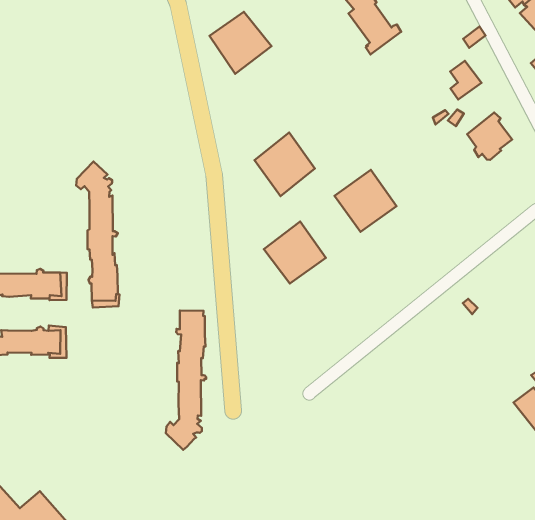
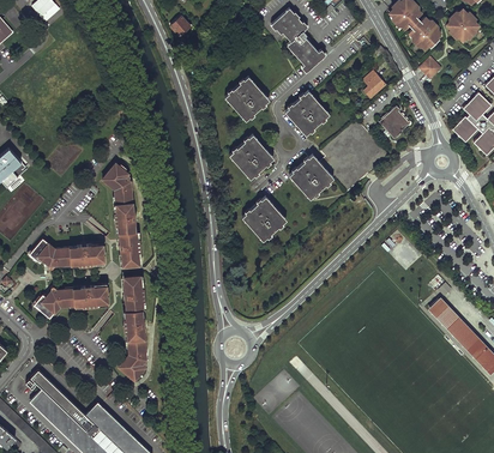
building: [210,12,272,74] -> [224,76,269,120]
building: none -> [284,90,329,134]
building: [166,311,206,450] -> [121,279,146,379]

